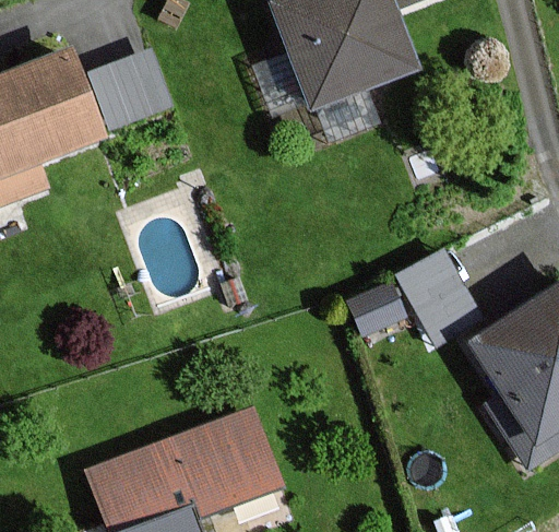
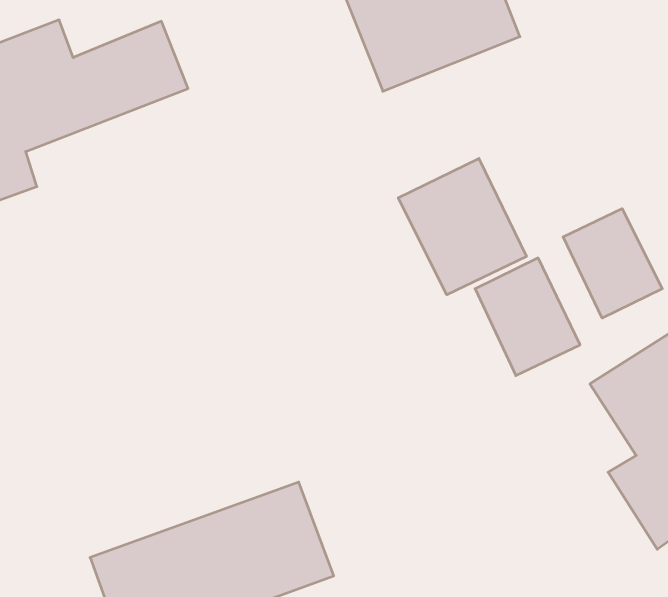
building: none -> [398,158,526,295]
building: none -> [563,209,662,318]

